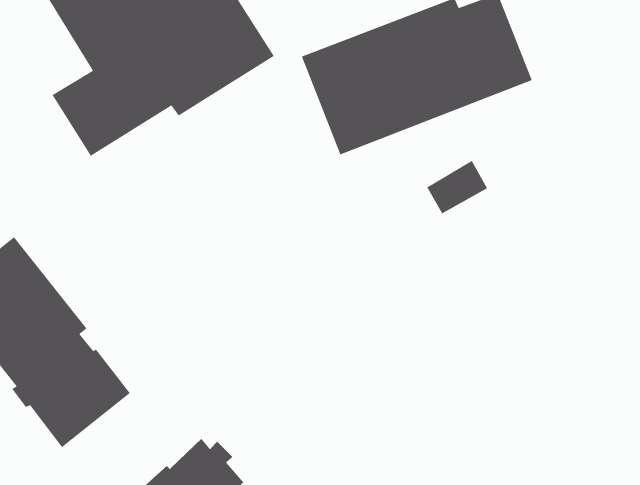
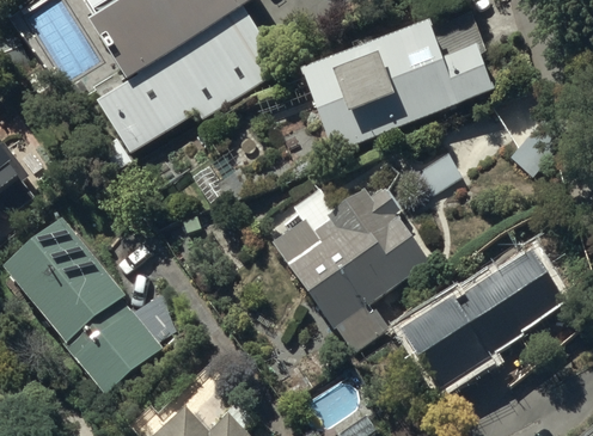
building: none -> [269,185,427,348]
building: none -> [403,245,569,383]

